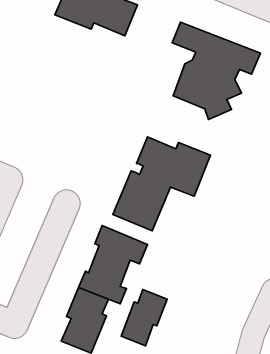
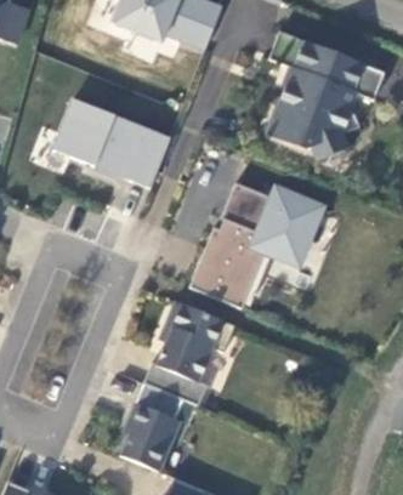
building: none -> [52,98,169,187]
building: [121,290,167,346] -> none

